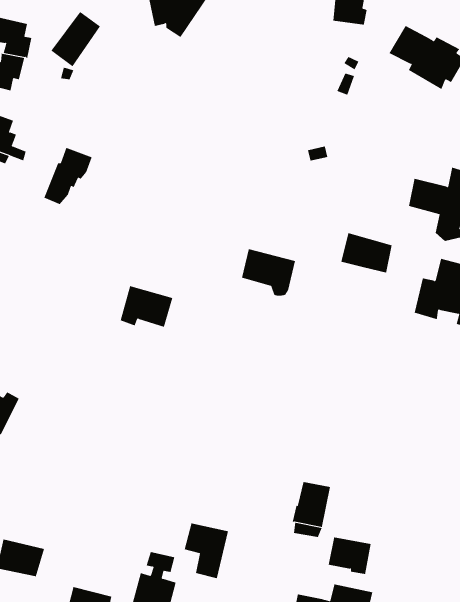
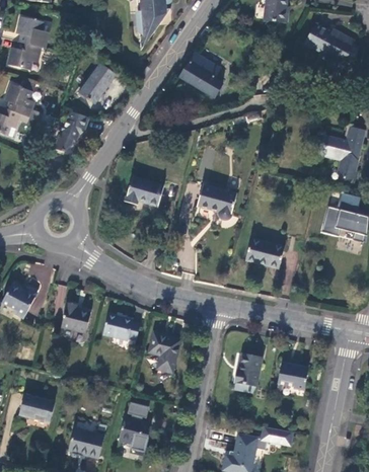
building: [50,11,101,67] -> [79,63,116,103]
building: none -> [179,52,221,96]
building: [341,233,393,273] -> [245,237,283,266]
building: [120,285,173,327] -> [125,175,163,206]
building: none -> [61,302,91,332]
building: none -> [102,313,140,340]
building: [184,523,229,579] -> [149,332,181,373]
building: [328,537,371,575] -> [277,362,308,389]

